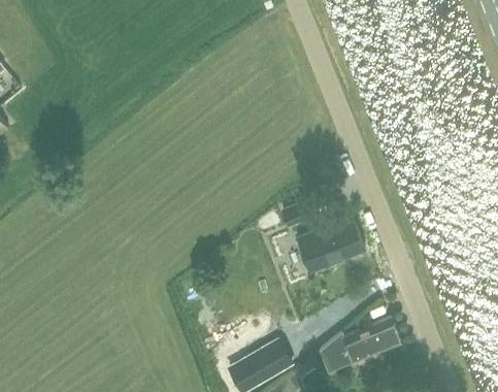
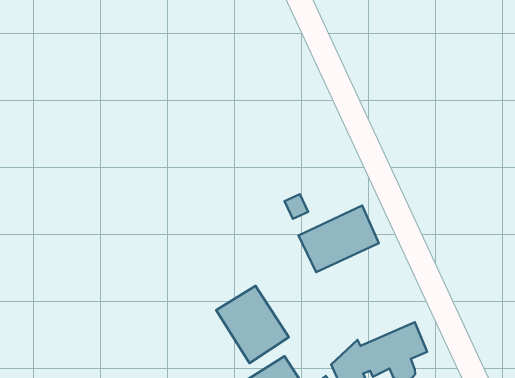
building: none -> [216,286,289,363]

